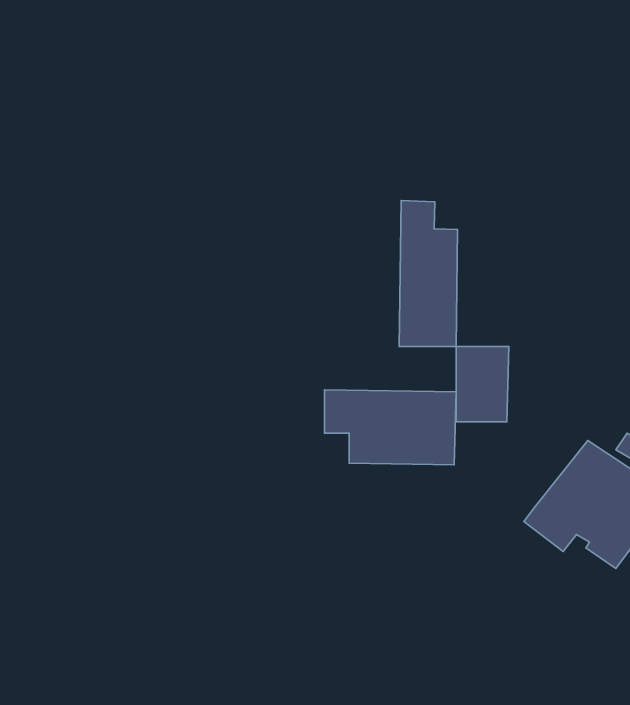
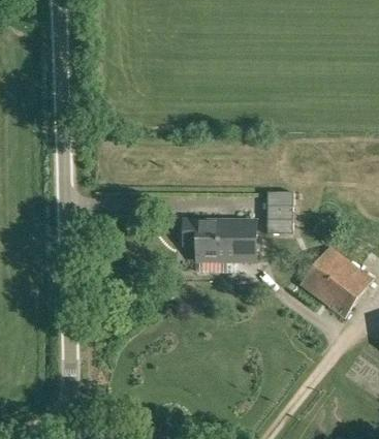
building: [399,201,458,347] -> none

